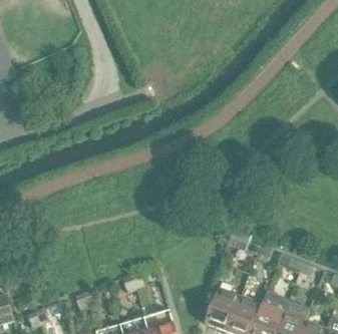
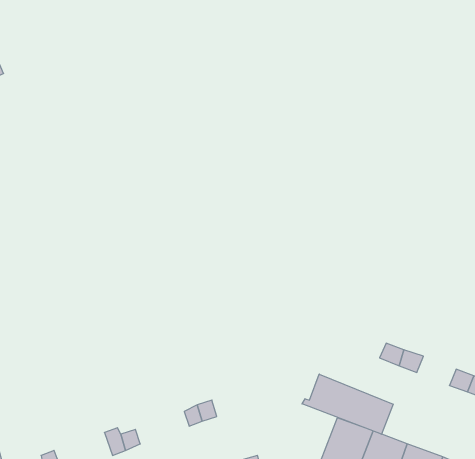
building: none -> [302,374,393,434]

